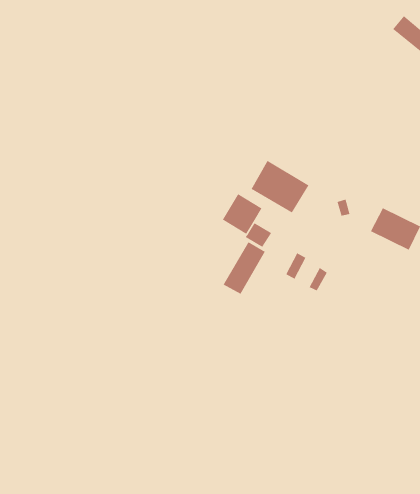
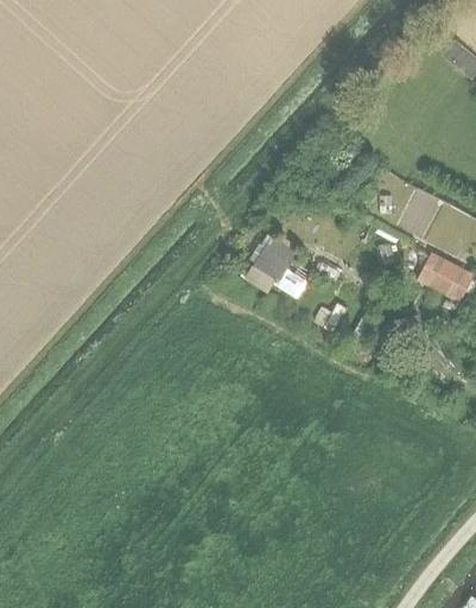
building: [251,160,309,214] -> none
building: [222,241,266,295] -> none

